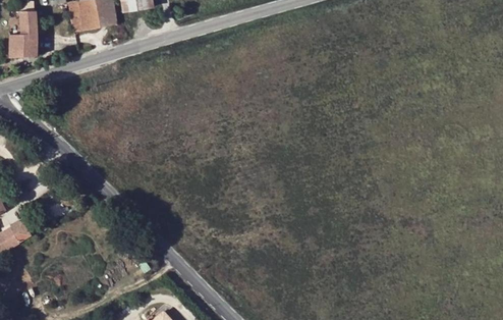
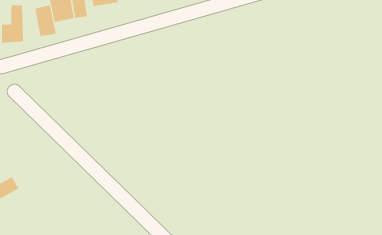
building: none -> [35,4,56,37]

